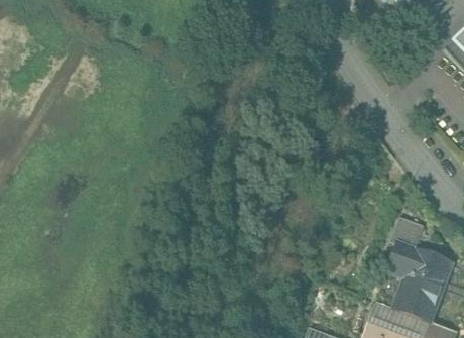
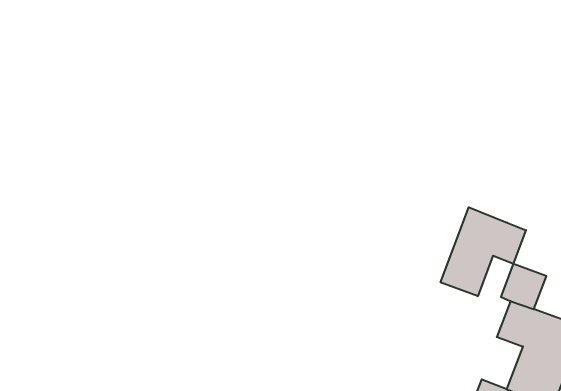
building: none -> [441,207,526,296]

